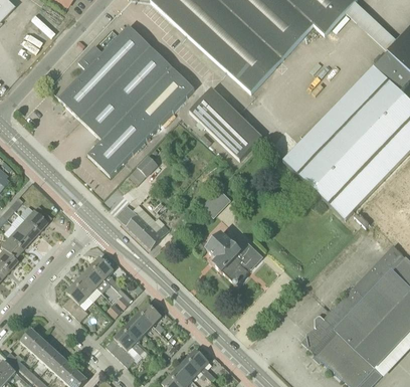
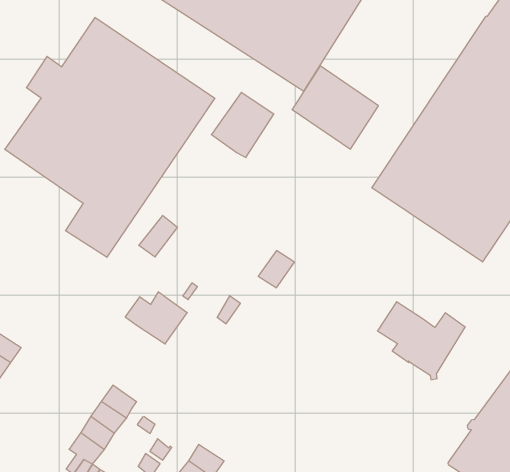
building: [208,105,262,160] -> [292,66,378,149]
building: [138,219,170,248] -> none
building: [206,233,261,285] -> [377,302,465,380]

